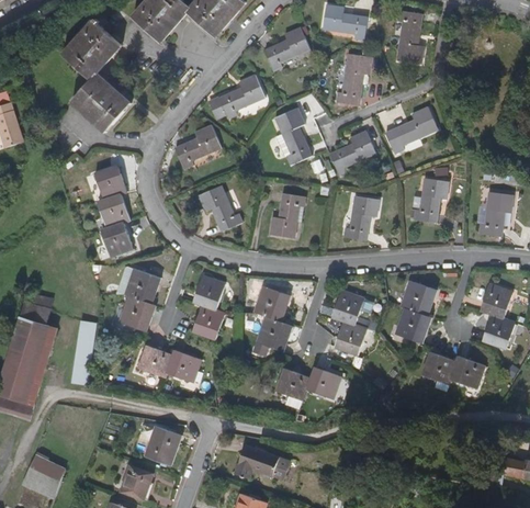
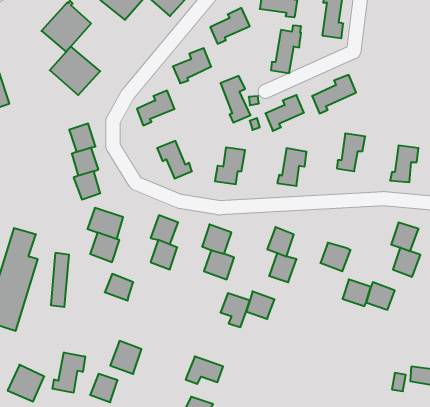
building: [399,280,436,314] -> none
building: [166,349,200,382] -> none
building: none -> [52,352,85,393]

